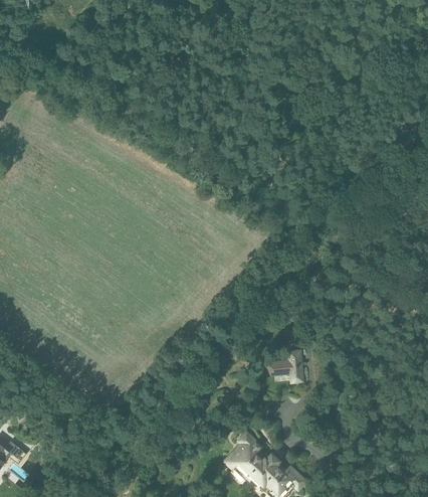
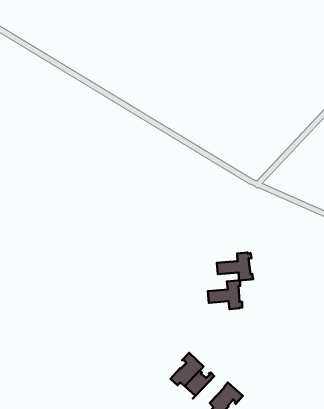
building: none -> [217,253,253,281]
building: [250,458,285,488] -> none

